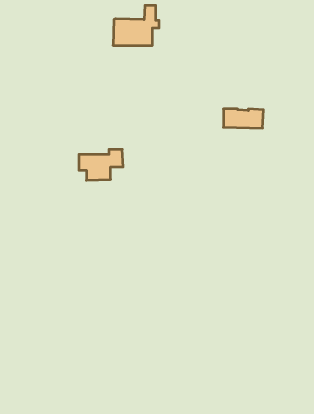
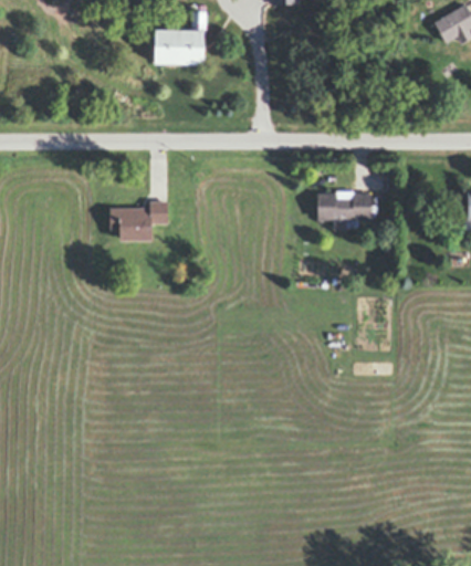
building: [223,109,263,128] -> [313,195,366,220]

